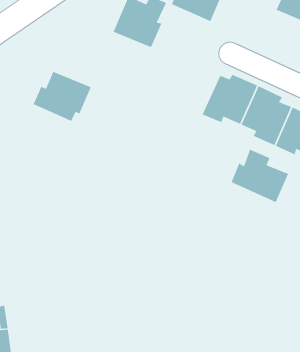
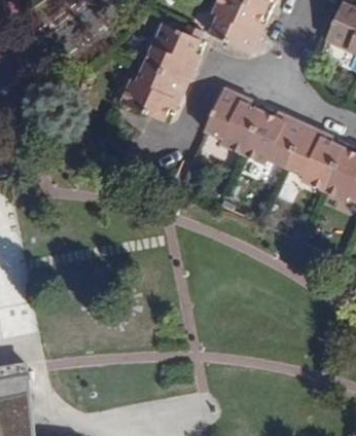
building: none -> [203,87,261,156]
building: [33,71,92,122] -> [119,65,185,121]
building: [231,149,289,203] -> none

